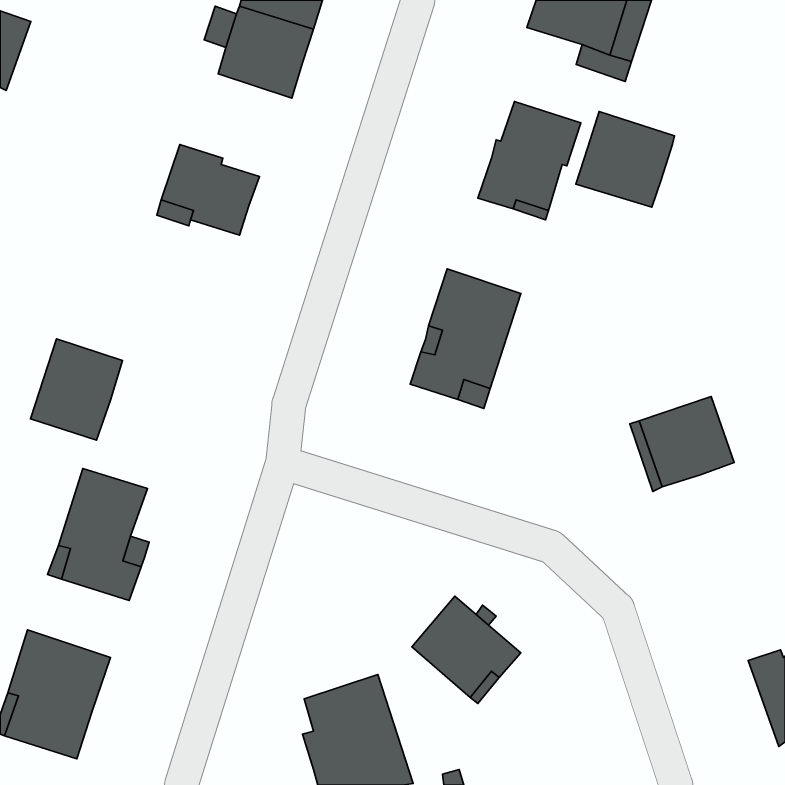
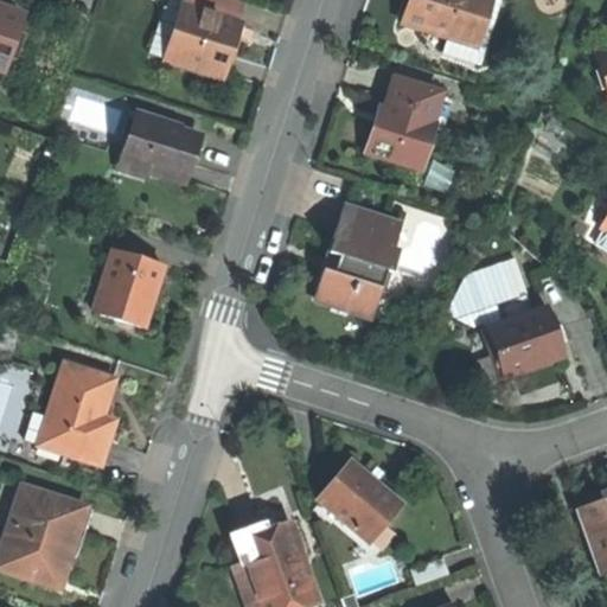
building: [576,112,674,207] -> none
building: none -> [453,255,529,313]
building: [30,339,123,440] -> [94,248,165,326]

